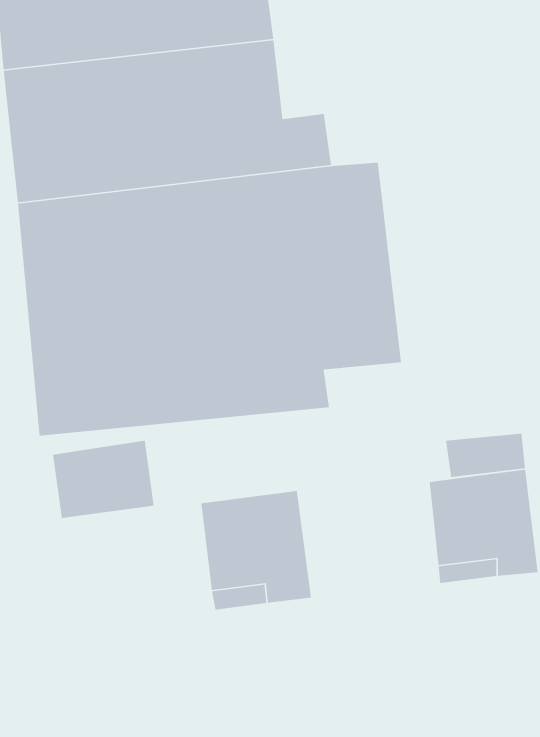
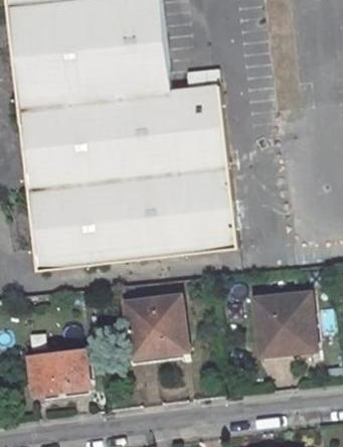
building: none -> [193,84,223,116]
building: [445,433,526,478] -> [193,227,238,252]
building: [52,440,155,519] -> [28,350,85,395]

